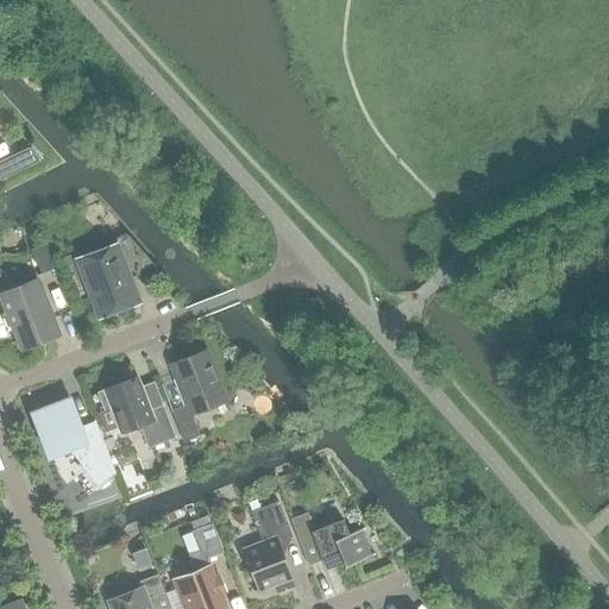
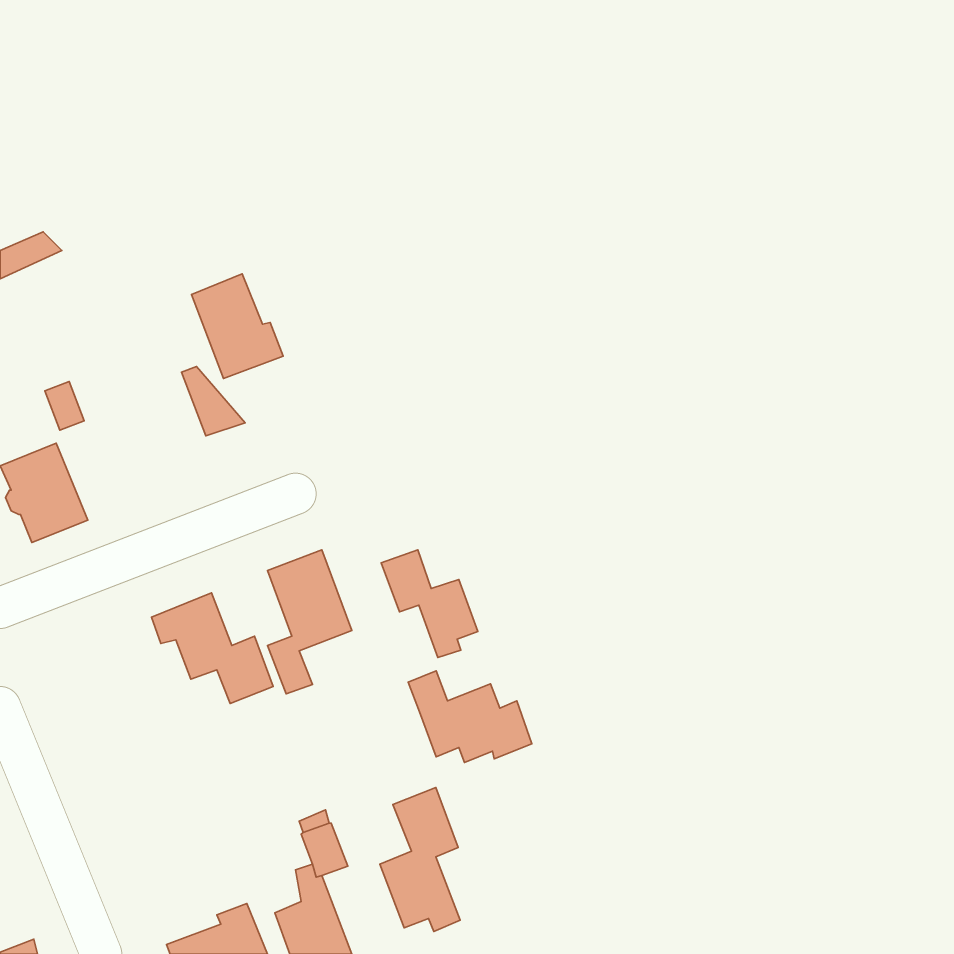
building: [79,247,137,314] -> [192,274,283,379]
building: none -> [381,550,478,658]
building: [32,401,115,489] -> none
building: [290,510,369,569] -> [408,671,532,762]

